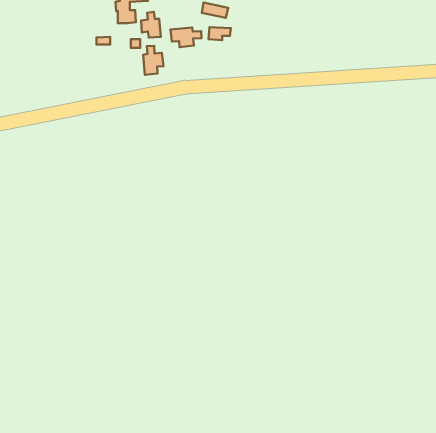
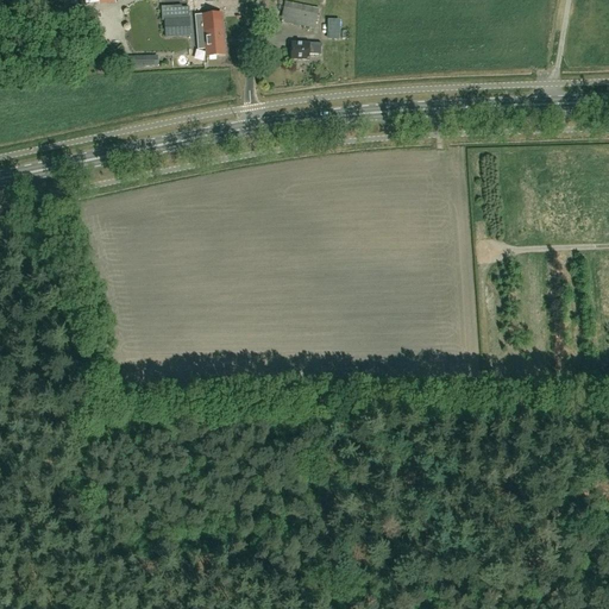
building: [170,27,202,47] -> none
building: [143,46,163,75] -> none

